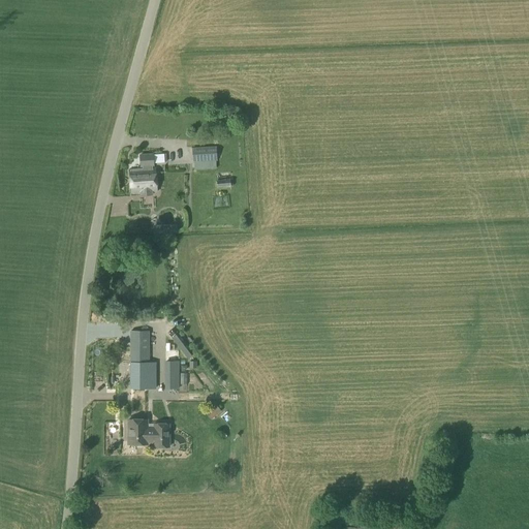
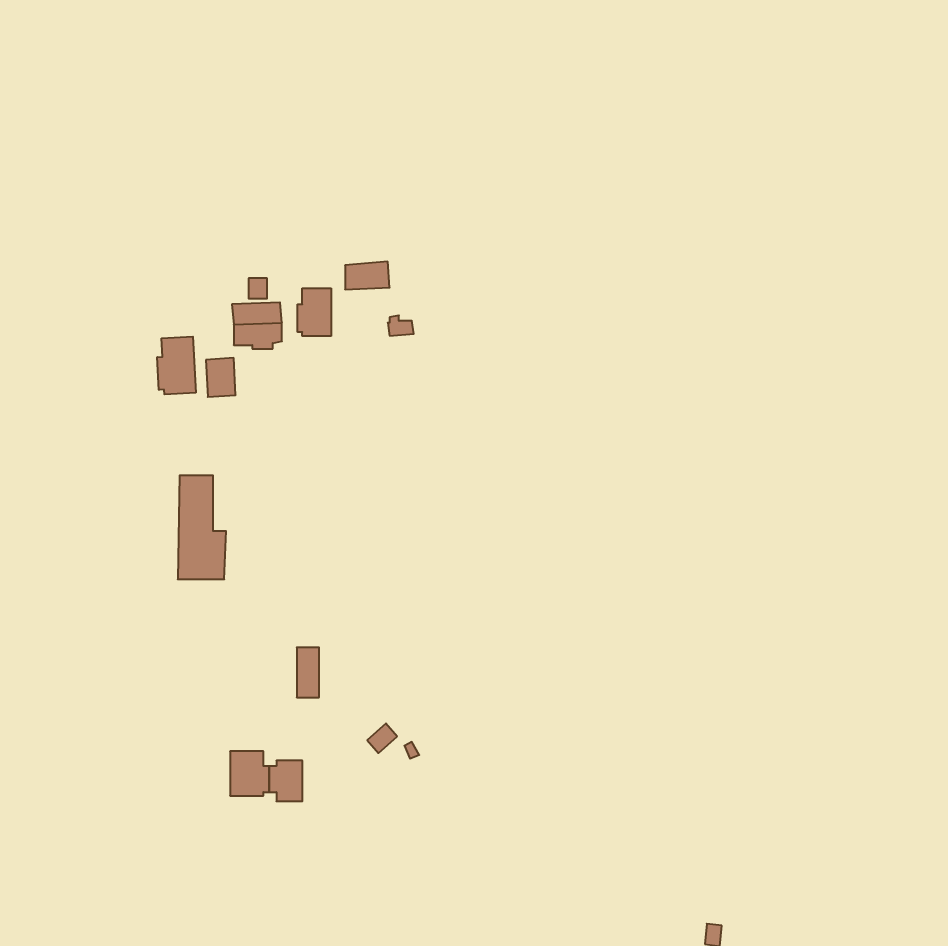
building: none -> [298,288,331,336]
building: none -> [157,337,196,394]
building: [129,331,156,388] -> [178,475,226,579]

